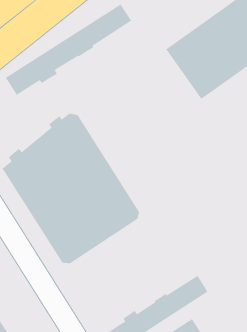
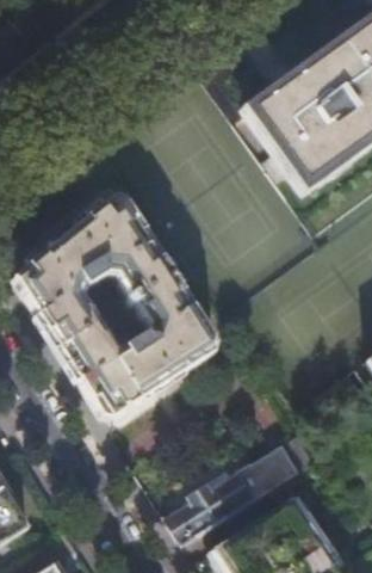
building: [5,4,132,96] -> none

